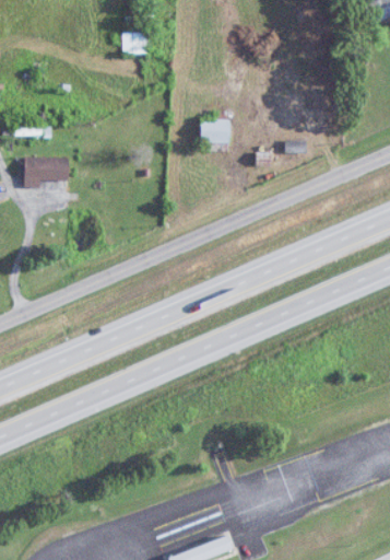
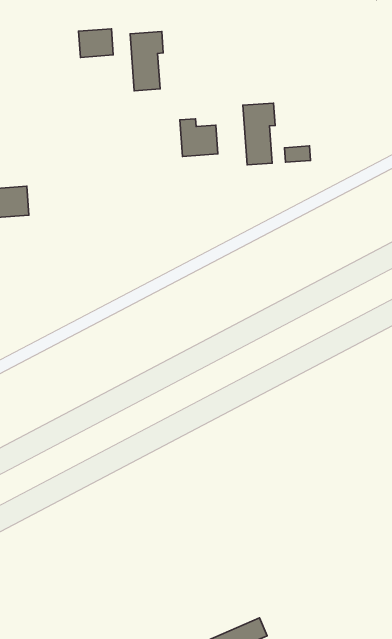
building: none -> [130,32,163,91]
building: none -> [243,103,275,165]

